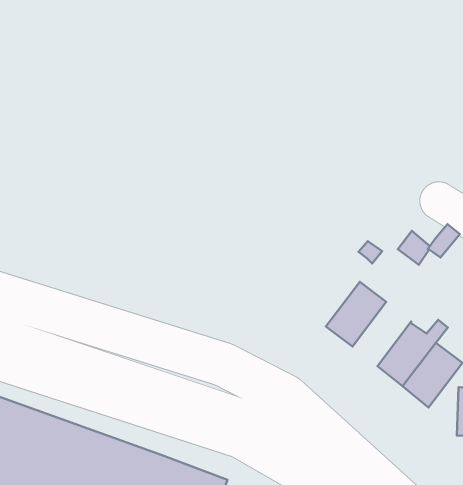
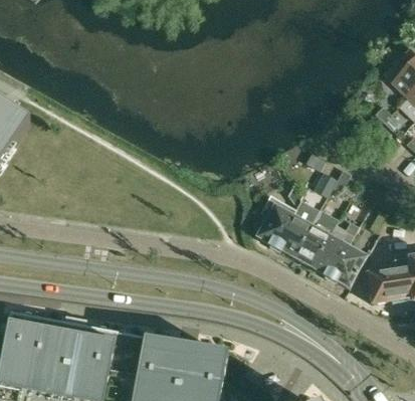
building: none -> [256,202,292,244]
building: none -> [294,212,339,264]

